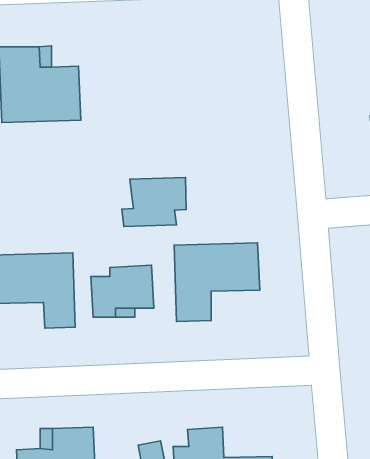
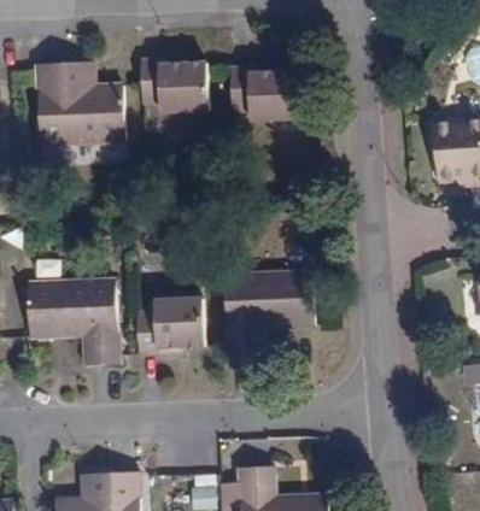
building: none -> [141,57,209,112]
building: none -> [230,70,297,122]
building: [122,177,186,226] -> none

